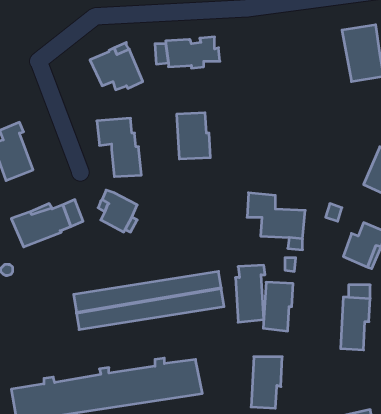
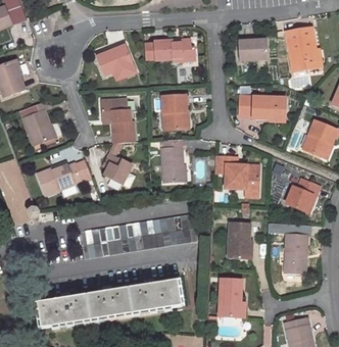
building: none -> [239,38,267,59]
building: none -> [239,95,286,118]
building: [235,265,265,322] -> [162,138,185,181]

